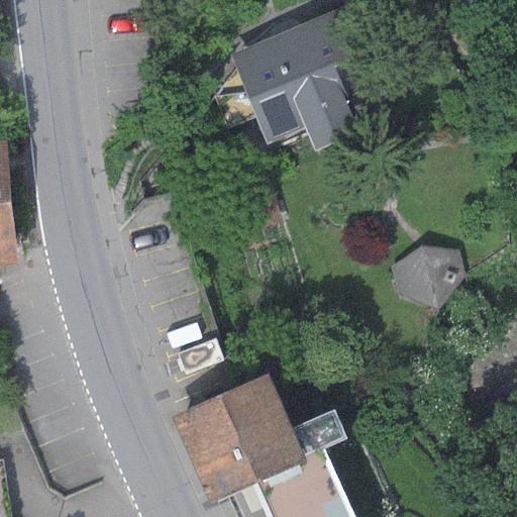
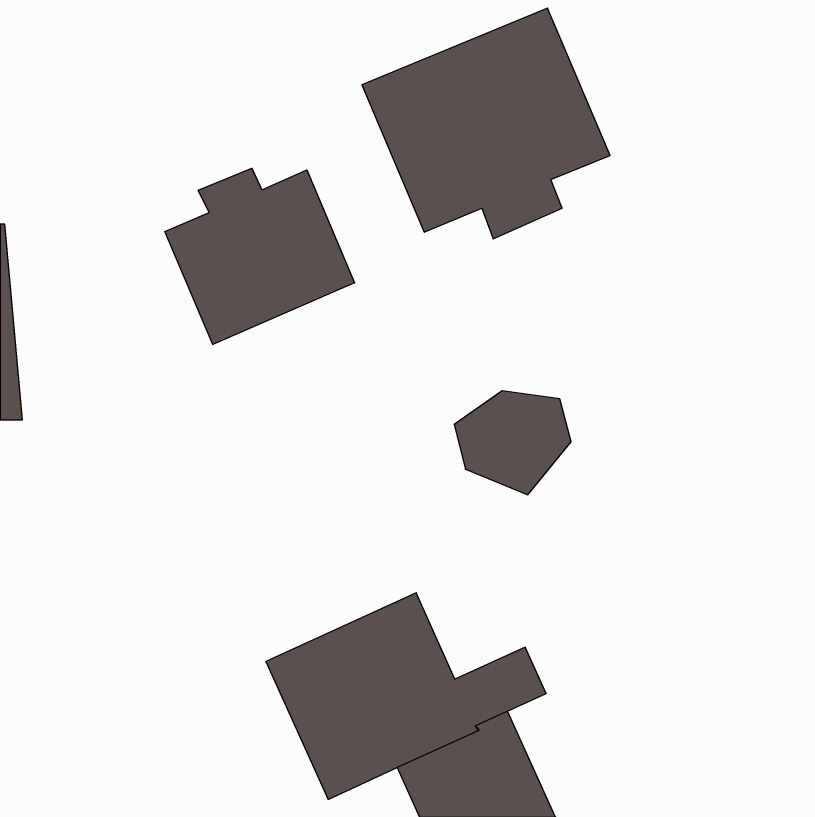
building: none -> [165,168,355,345]
building: [393,244,467,310] -> [454,391,571,495]

